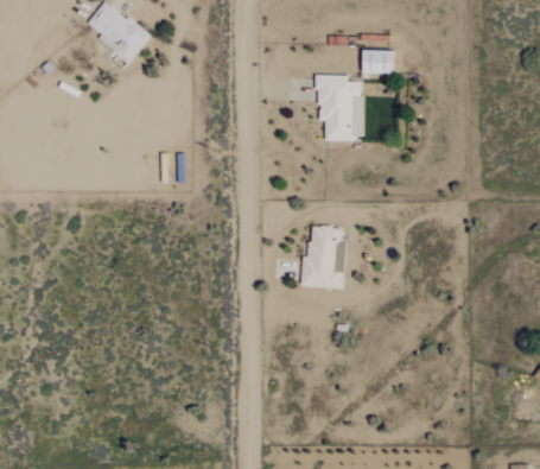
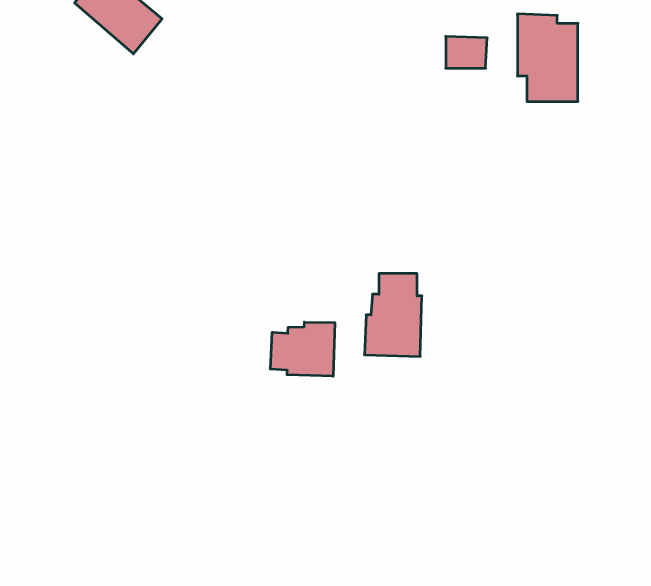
building: [318,75,363,140] -> [517,14,578,101]
building: none -> [270,322,335,376]

